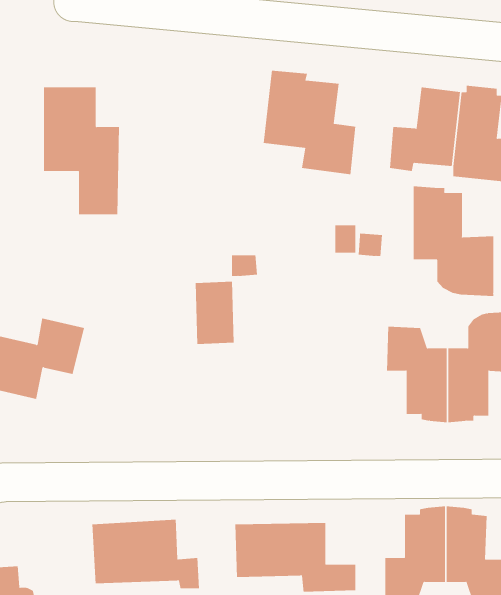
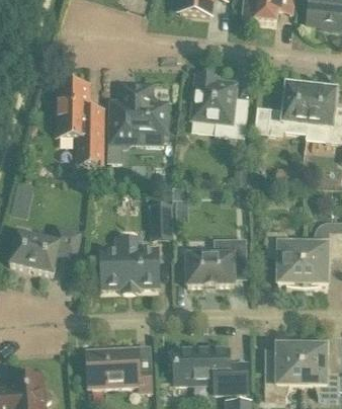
building: none -> [107,84,167,161]
building: [413,185,494,297] -> none
building: none -> [187,238,246,283]
building: none -> [101,241,159,287]

